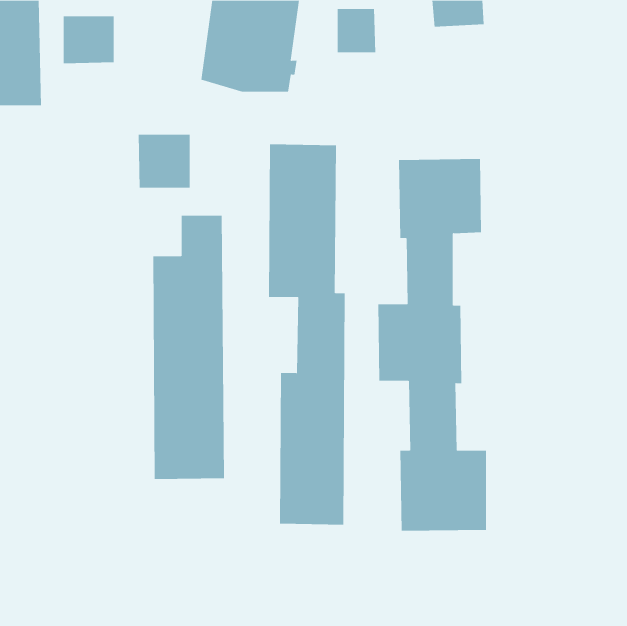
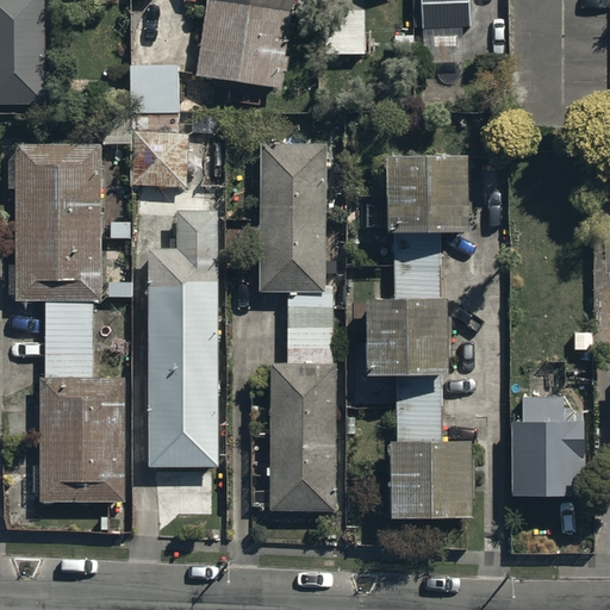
building: [63,16,114,64] -> [129,67,179,113]
building: none -> [15,143,126,503]
building: none -> [512,398,585,496]

